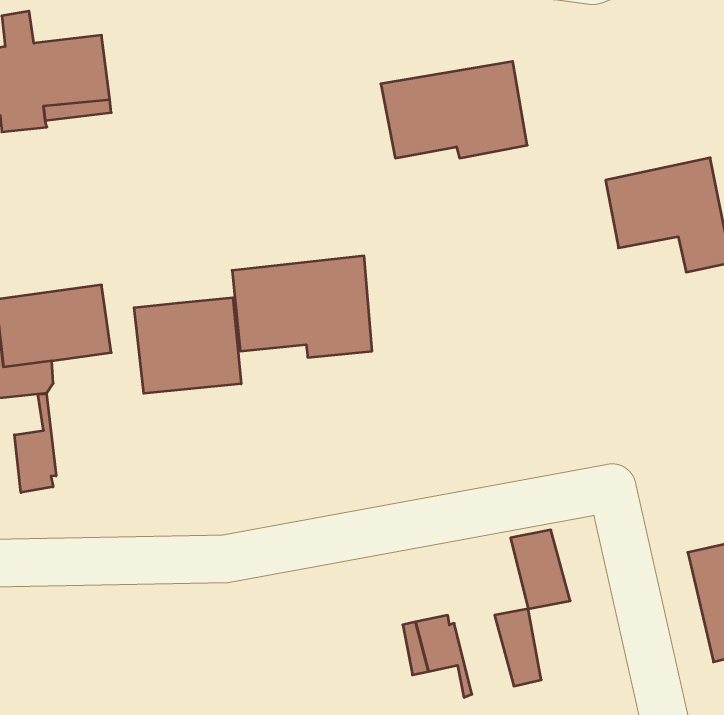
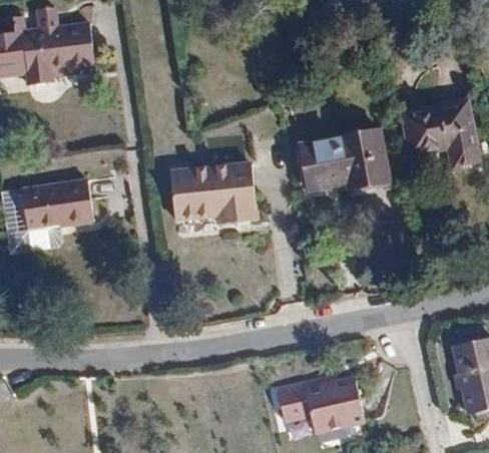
building: [381,61,527,158] -> [300,129,391,189]
building: [134,298,241,393] -> none
building: [14,394,56,493] -> none
building: [511,530,570,609] -> [309,384,346,433]

